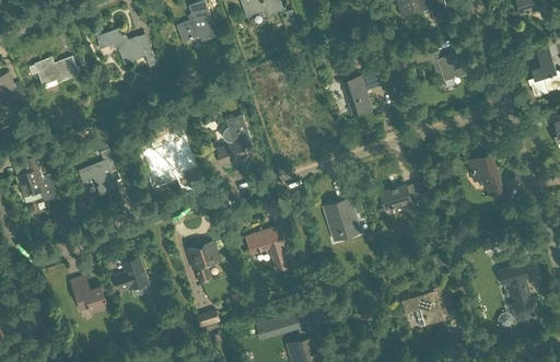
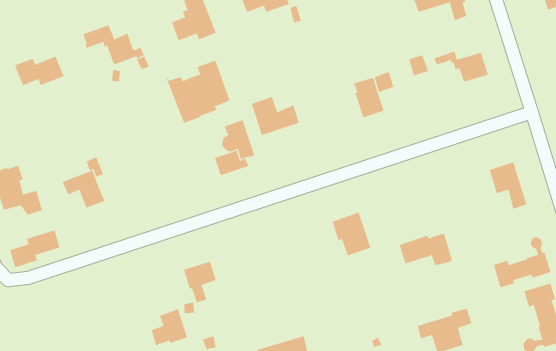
building: none -> [251,96,299,136]
building: [136,131,195,189] -> [166,60,230,123]
building: [378,182,428,212] -> [399,233,453,267]
building: none -> [9,230,60,268]
building: none -> [493,236,551,288]
building: [244,225,293,270] -> none
building: [114,256,148,290] -> [151,309,188,346]
building: [71,276,107,311] -> none

